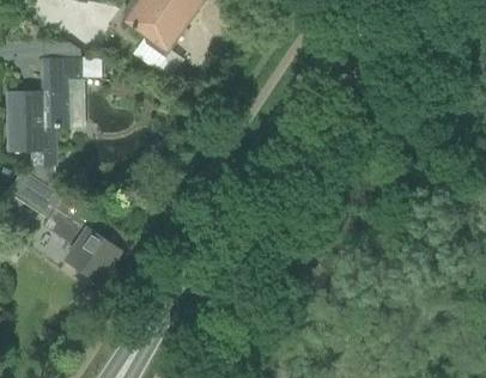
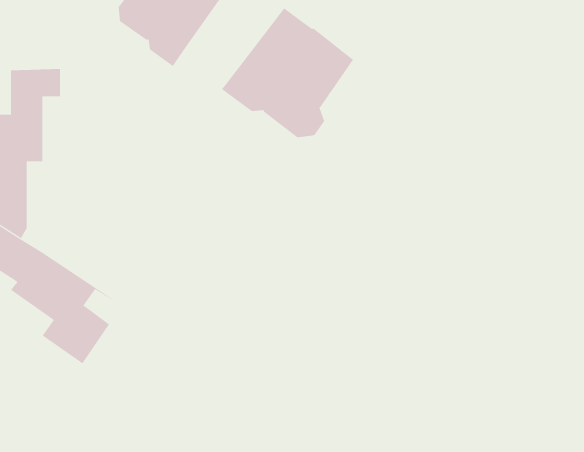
building: none -> [221,7,354,138]

